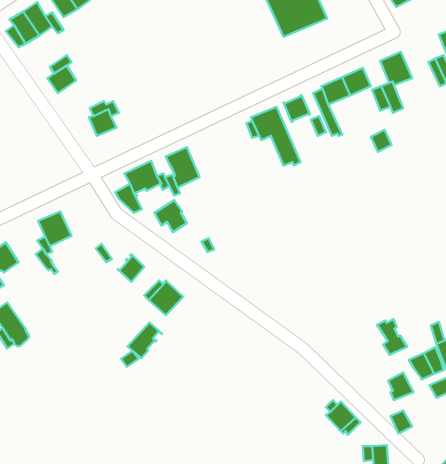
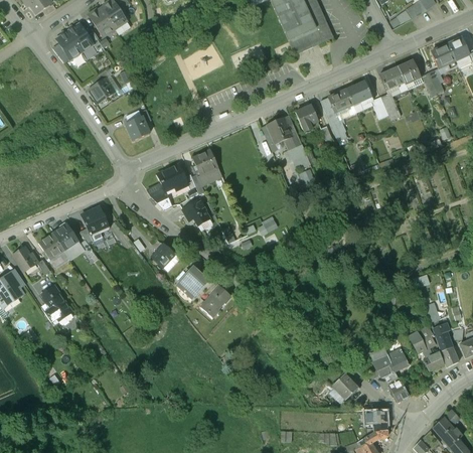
building: none -> [398,59,423,90]
building: none -> [52,223,78,251]
building: [377,319,407,355] -> [373,356,400,388]
building: [128,322,162,358] -> [200,286,230,317]

